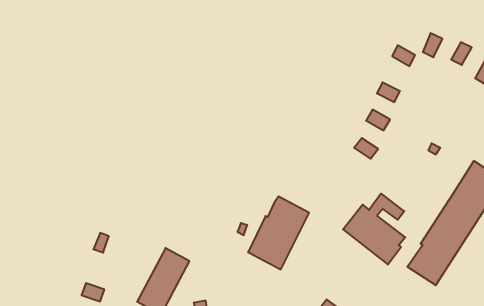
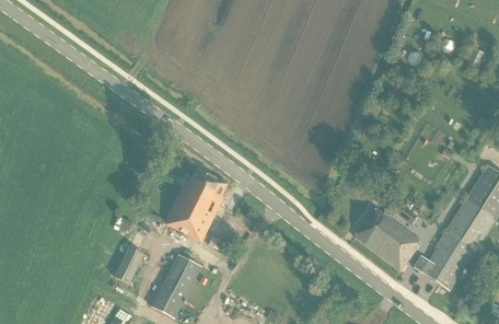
building: [248,196,309,269] -> [166,167,228,241]
building: none -> [114,247,143,284]

